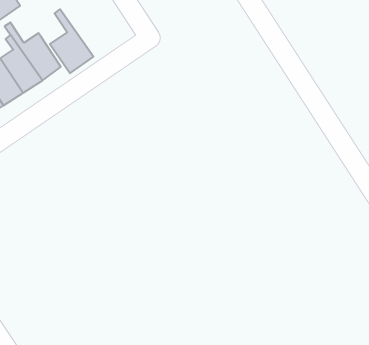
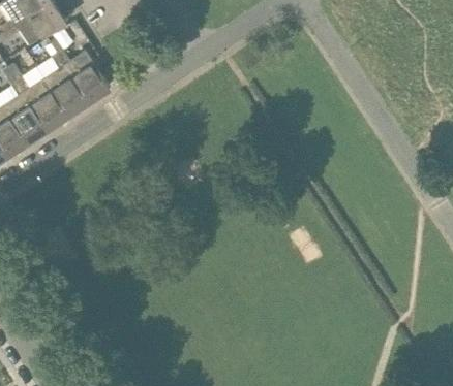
building: [50,9,93,73] -> none

